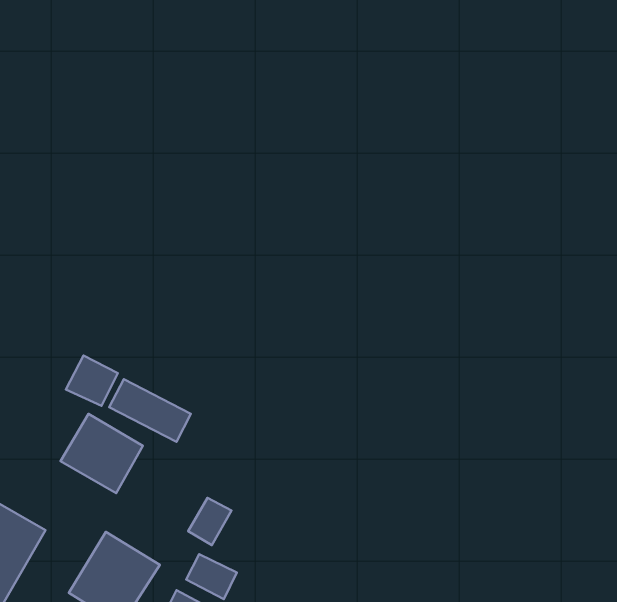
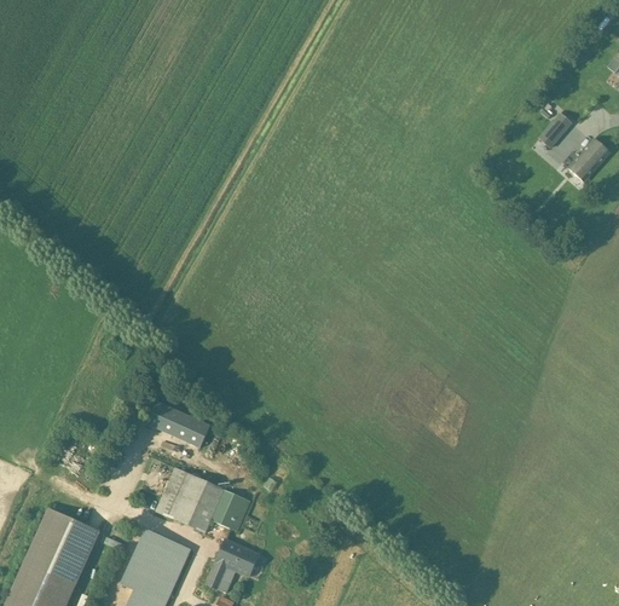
building: [66,355,118,406] -> none
building: [60,414,143,493] -> [156,467,222,530]

